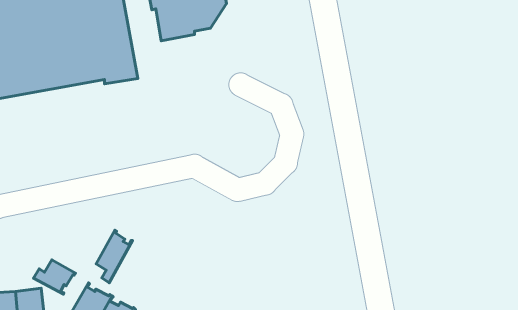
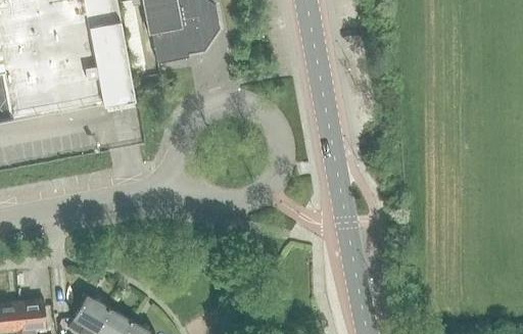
building: [96,230,132,283] -> none
building: [33,260,75,294] -> none

